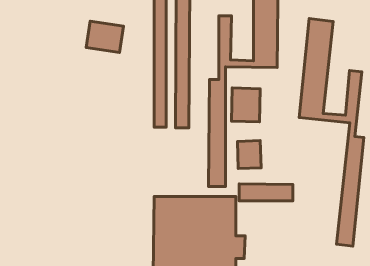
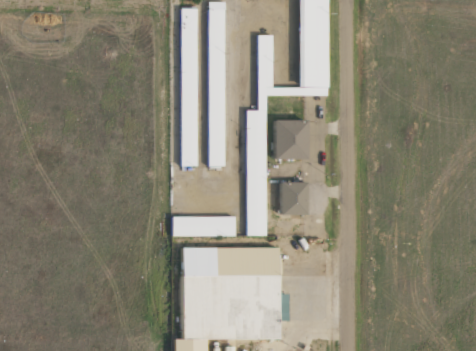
building: [299,19,364,246] -> none
building: [86,21,123,53] -> none
building: [239,184,293,201] -> [173,216,236,236]

